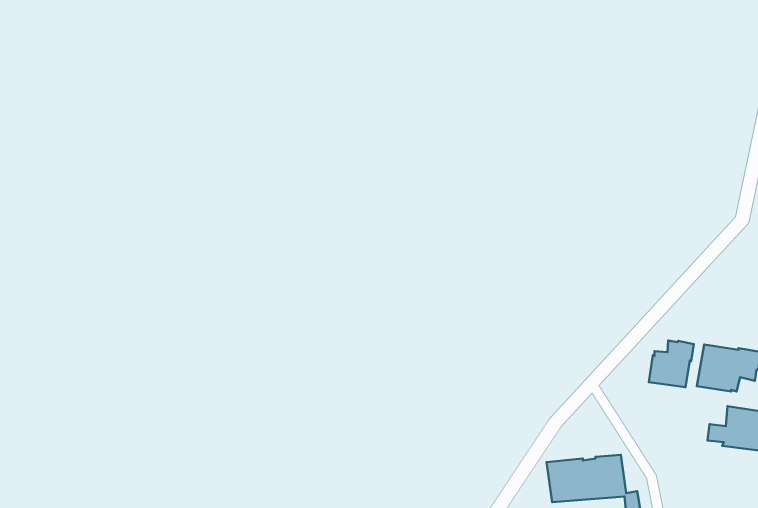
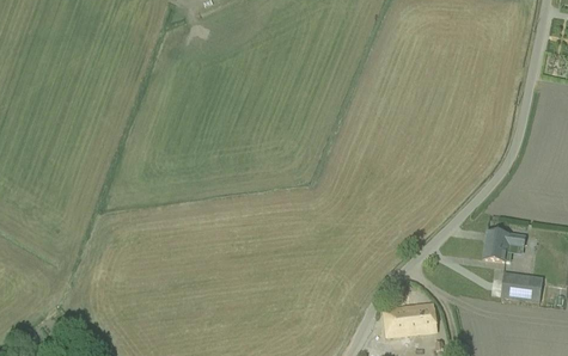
building: [649,341,694,387] -> none

